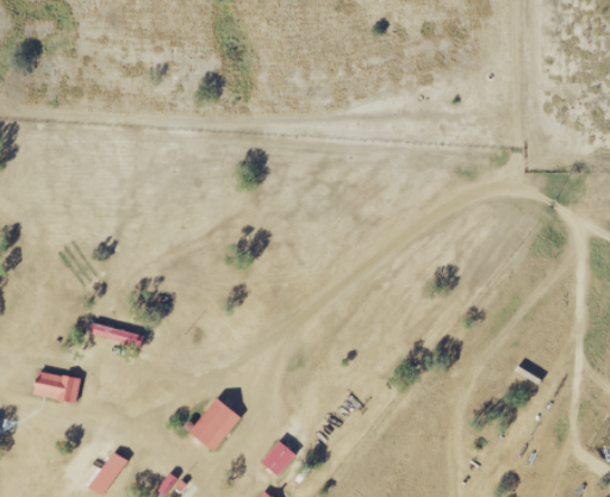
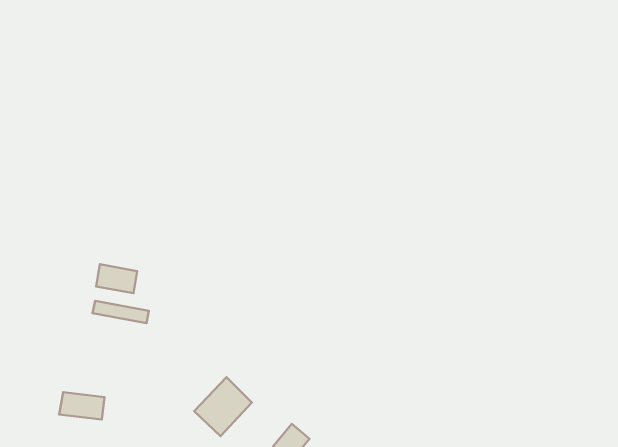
building: none -> [96,264,137,293]
building: [36,373,79,399] -> [59,392,104,420]

